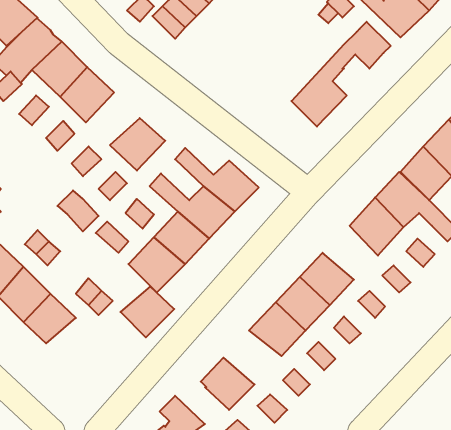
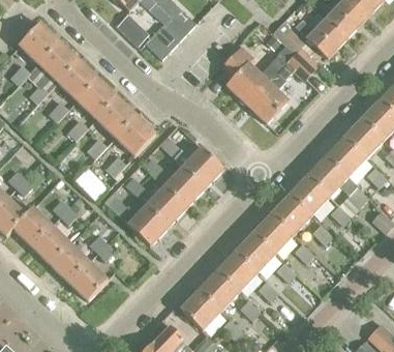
building: none -> [223,47,285,104]
building: none -> [97,97,137,136]
building: none -> [270,195,310,234]
building: [120,286,174,337] -> [68,262,108,299]
building: none -> [198,271,240,311]

